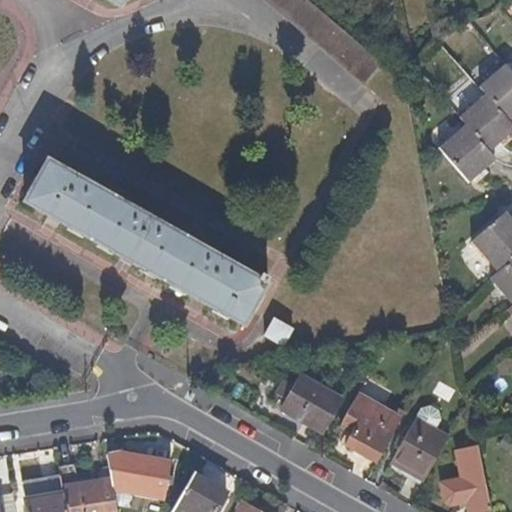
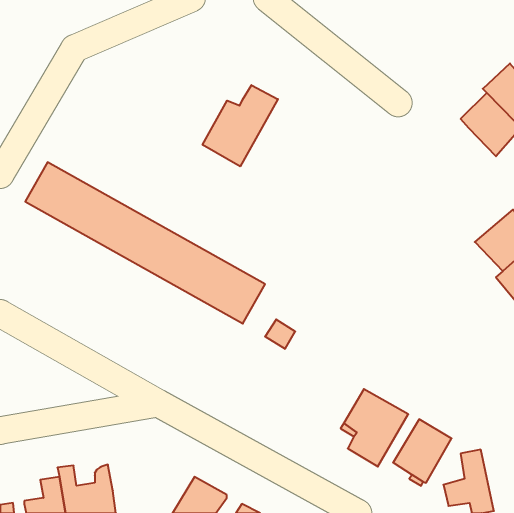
building: none -> [203,85,278,166]
building: [441,127,498,184] -> none
building: [275,375,342,432] -> none
building: [107,449,169,497] -> none

